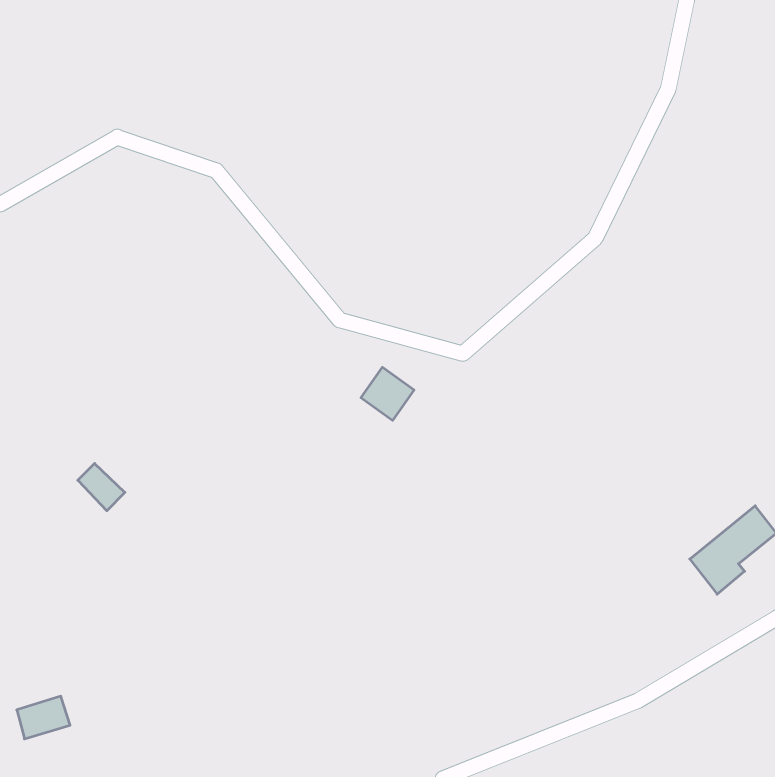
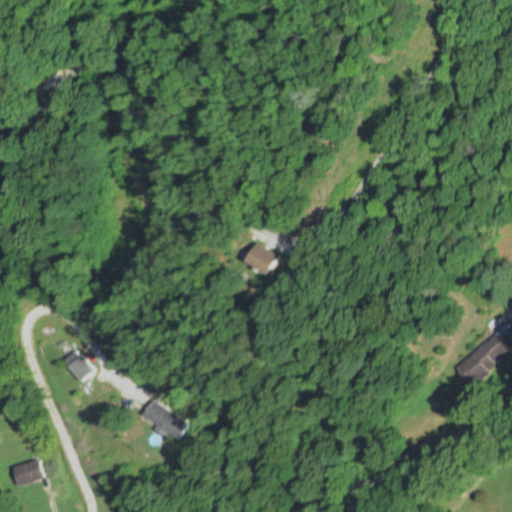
building: [78,463,125,511] -> [65,349,96,380]
building: none -> [142,399,188,440]

